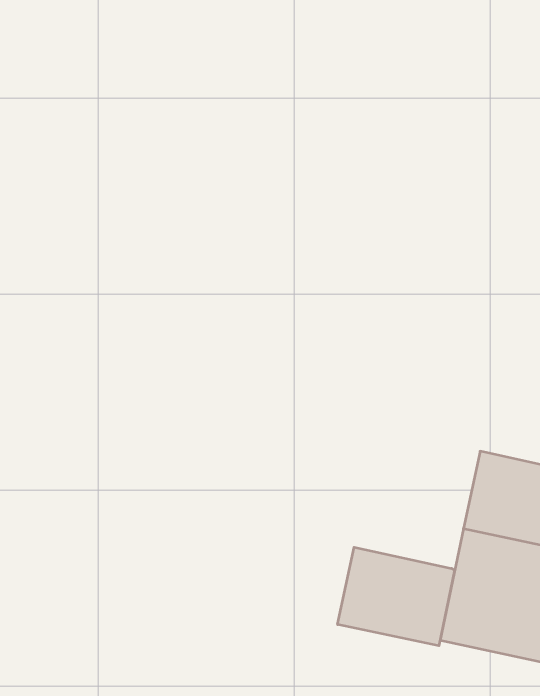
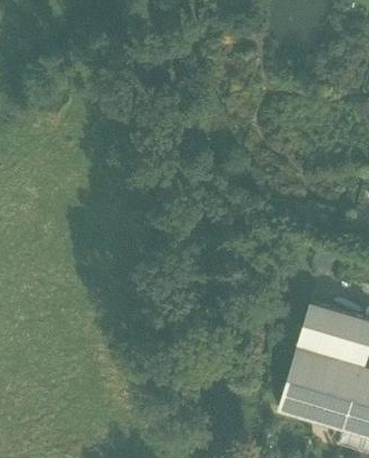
building: [338,547,455,646] -> none

